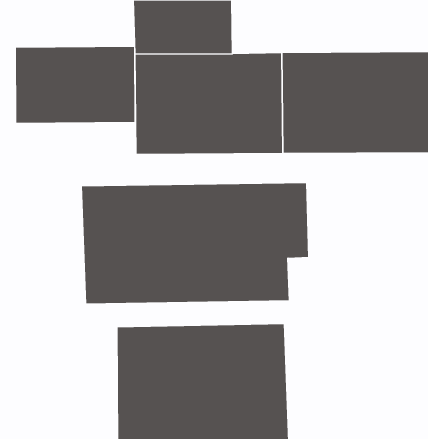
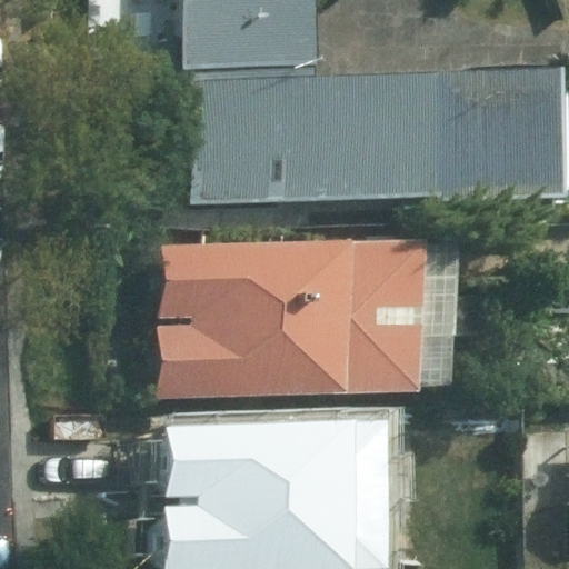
building: [16,46,135,124] -> none

